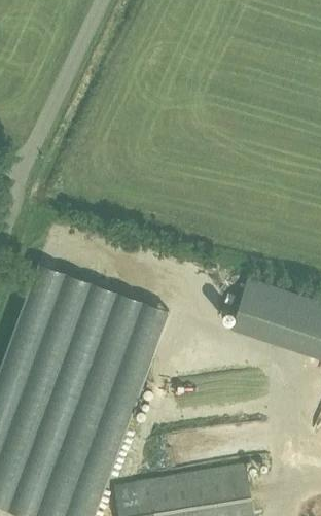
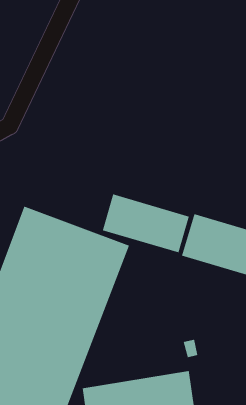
building: none -> [102,194,190,253]

